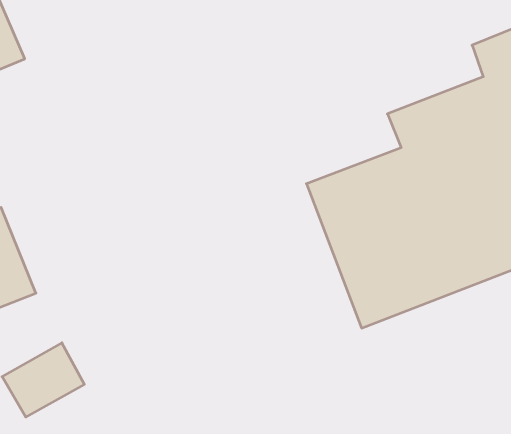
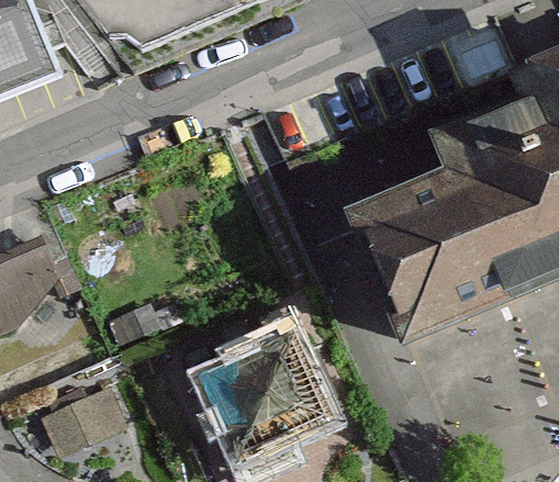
building: none -> [195,321,331,451]

